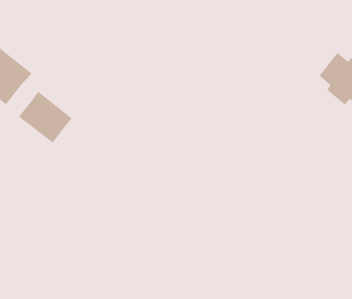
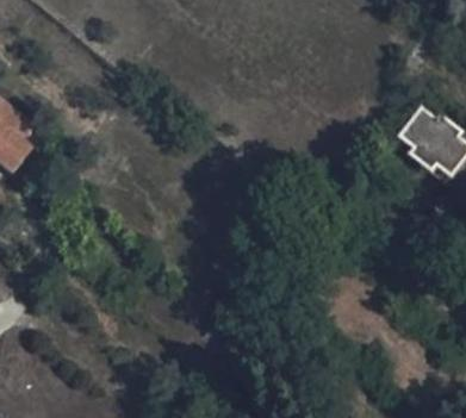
building: [18,91,73,144] -> none

